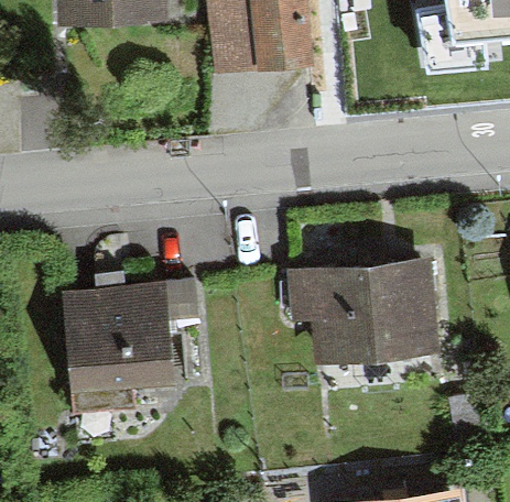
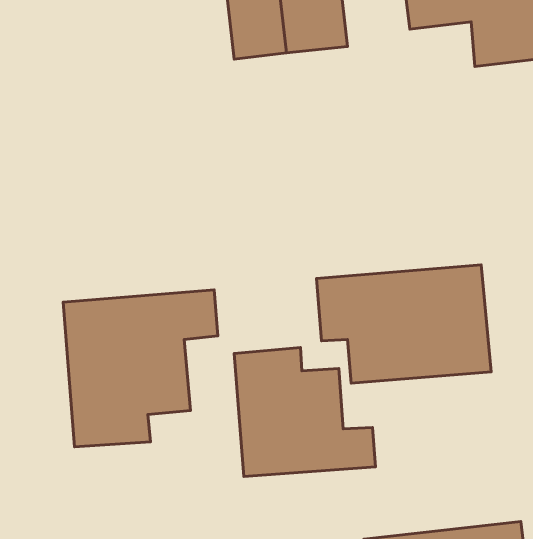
building: none -> [234,347,375,477]

